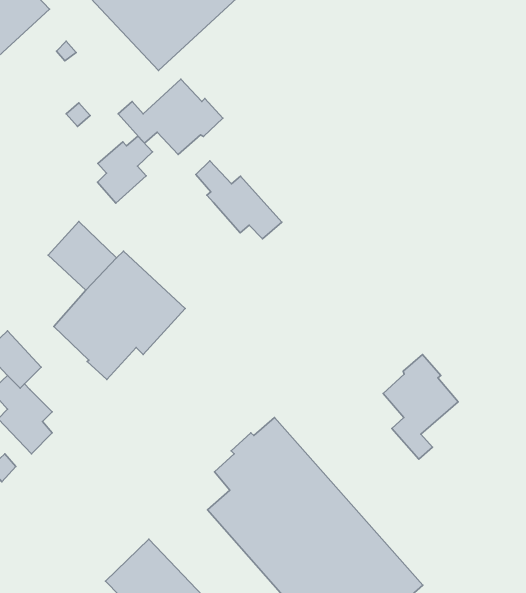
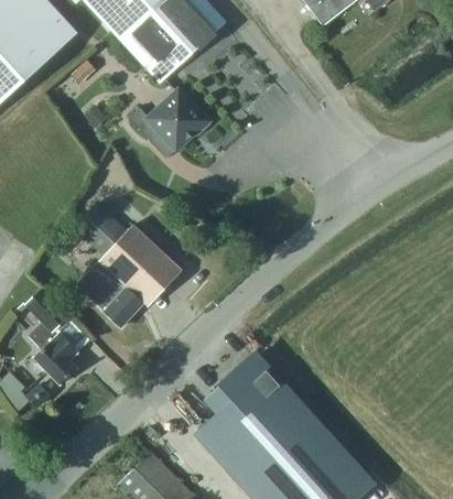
building: [98,136,153,203] -> none
building: [196,161,282,239] -> none
building: [383,354,458,459] -> none

